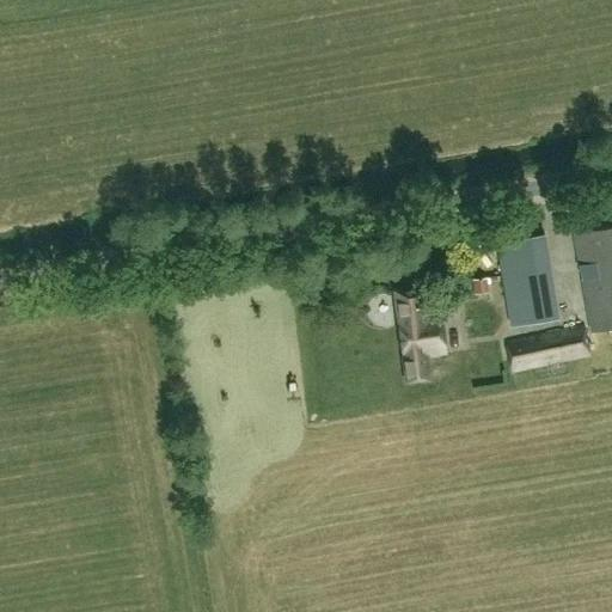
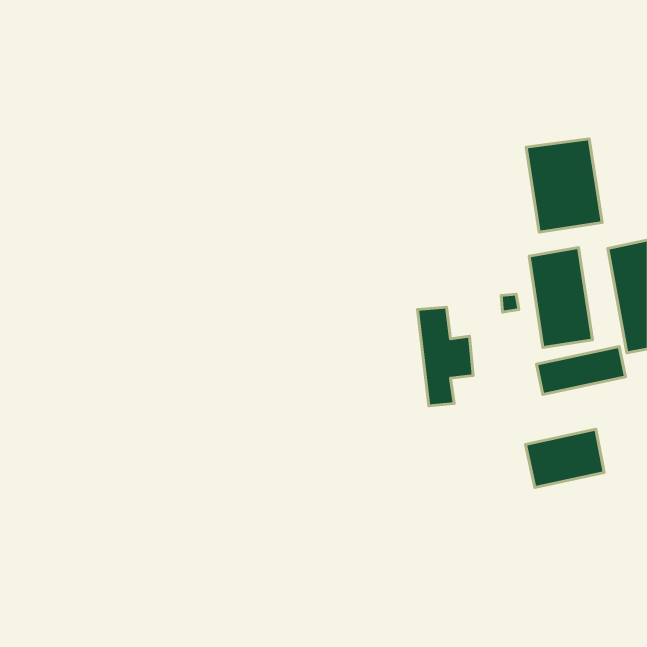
building: none -> [526,139,602,232]
building: none -> [525,429,604,487]

